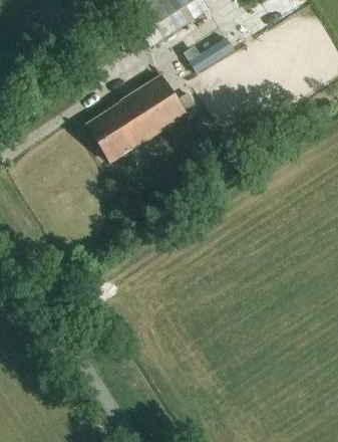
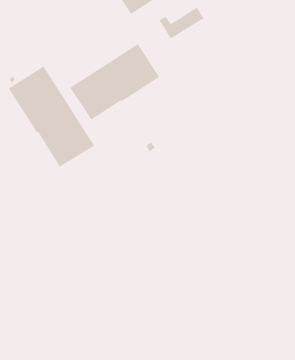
building: none -> [8,65,95,167]

